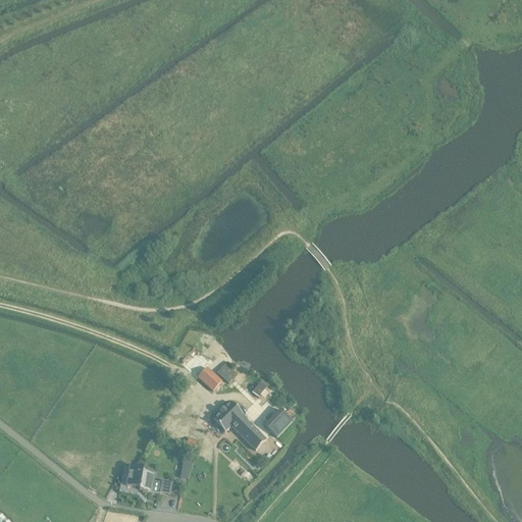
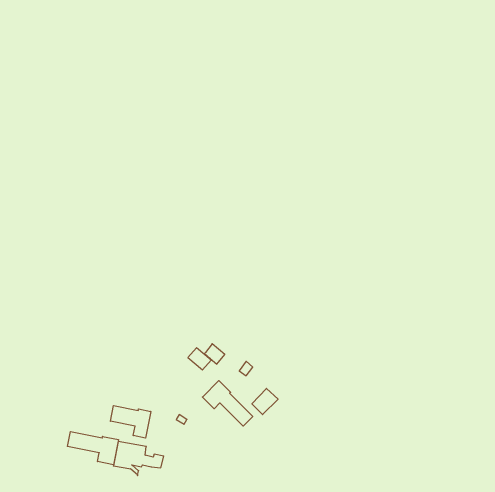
building: none -> [110,406,151,438]
building: none -> [67,432,118,465]

